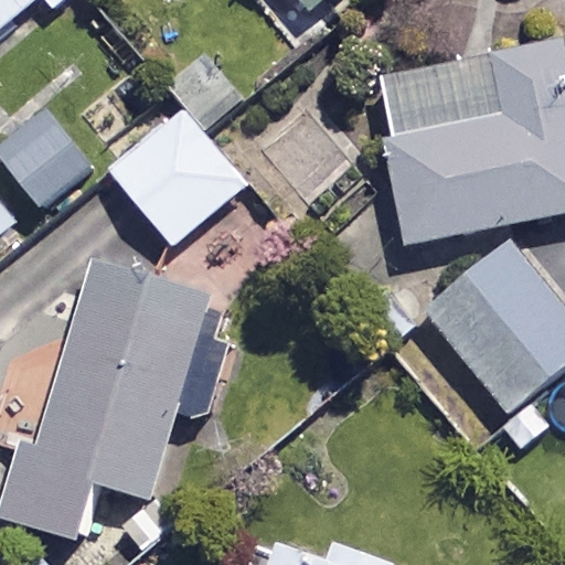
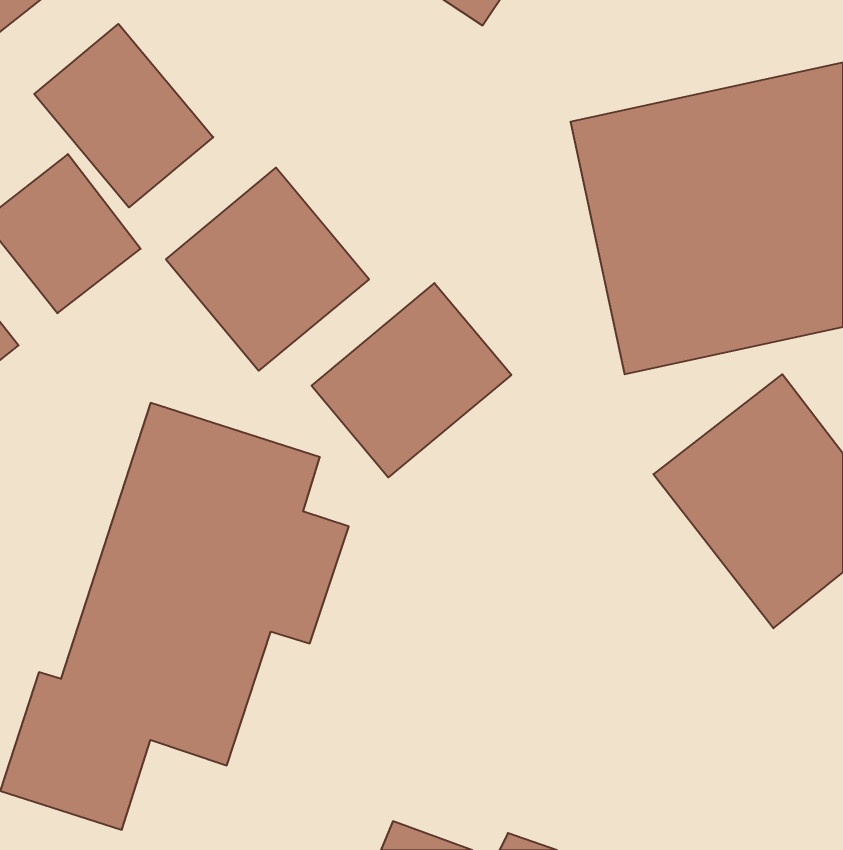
building: none -> [34,24,213,207]
building: none -> [312,283,511,477]

